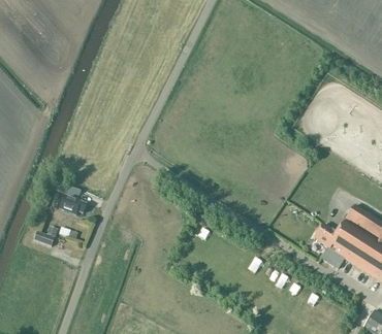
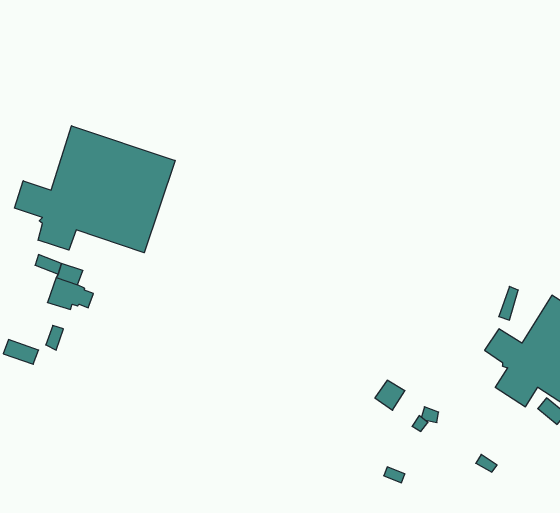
building: none -> [15,126,175,253]

